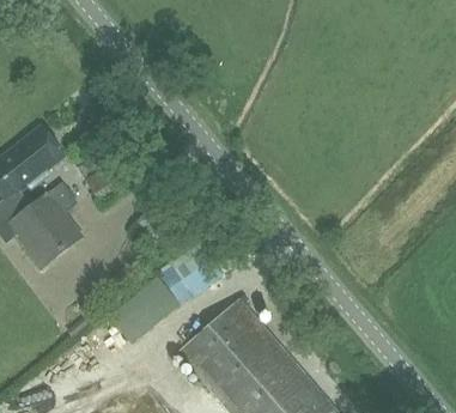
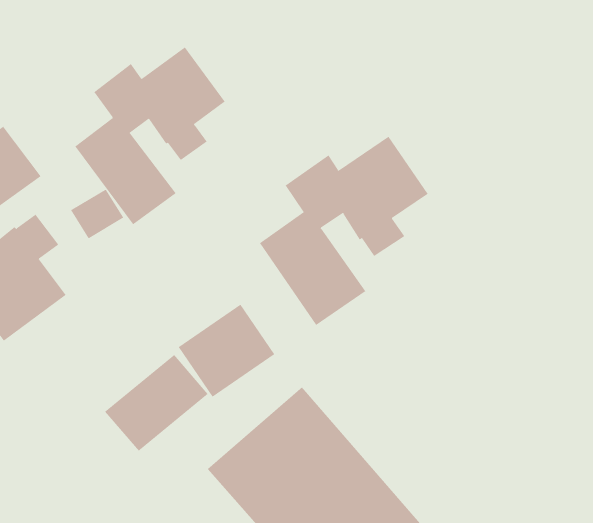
building: none -> [75,46,226,225]
building: none -> [259,136,428,326]

